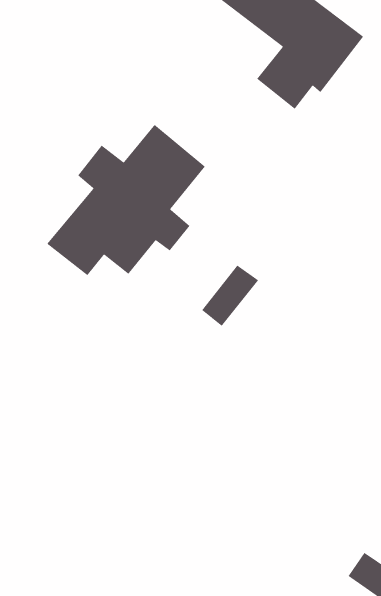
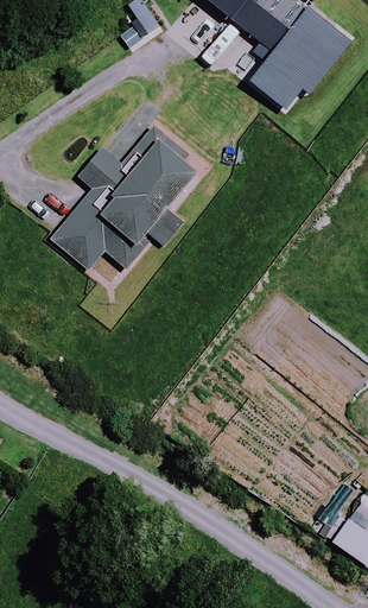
building: [201,264,259,327] -> none

